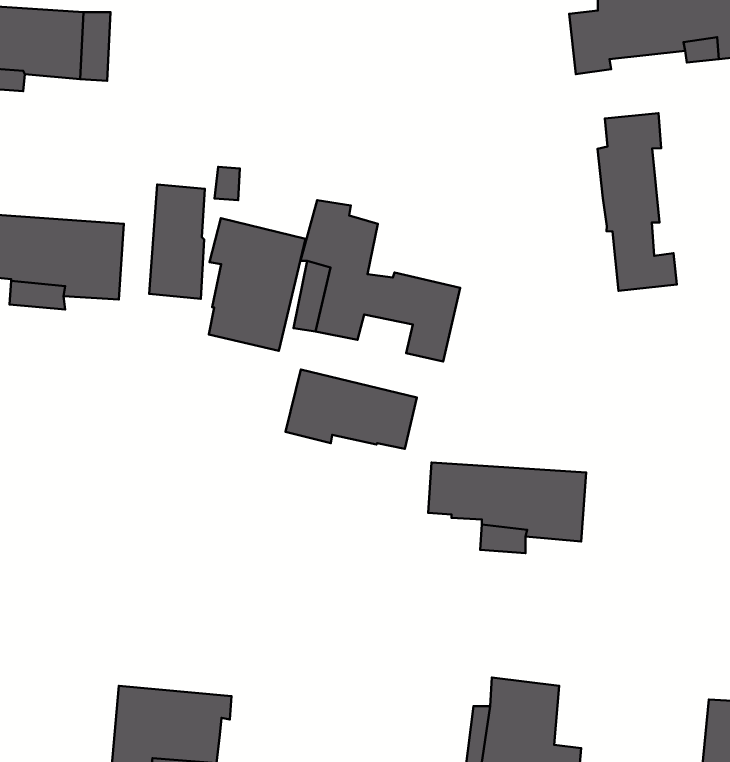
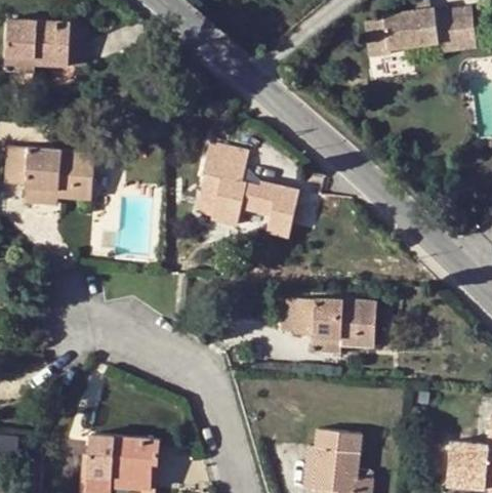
building: [597,113,677,291] -> none
building: [149,185,205,299] -> none
building: [209,218,306,351] -> none
building: [285,369,417,449] -> none

